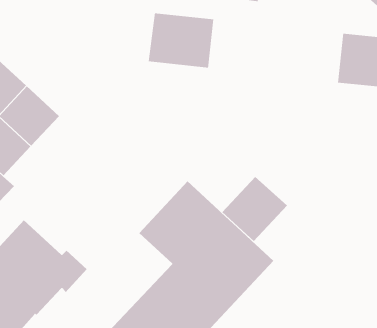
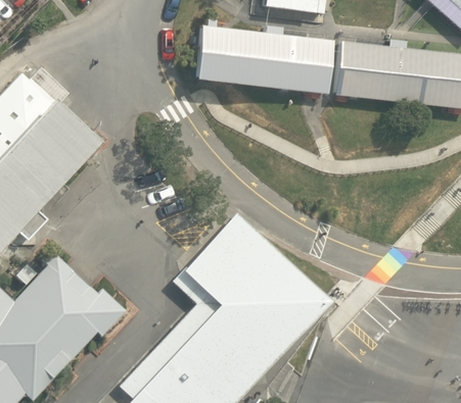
building: none -> [261,33,334,94]
building: none -> [335,41,409,103]
building: [222,176,288,242] -> none

